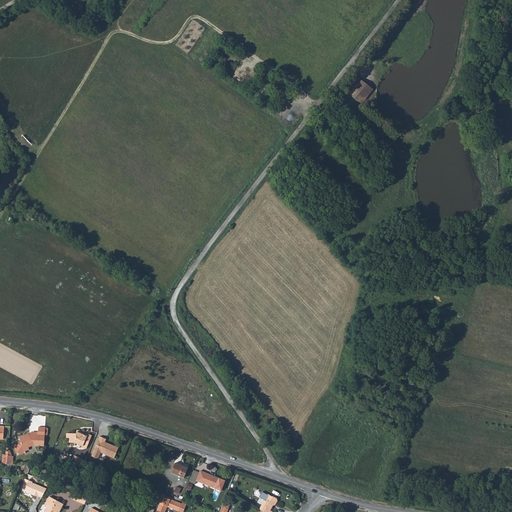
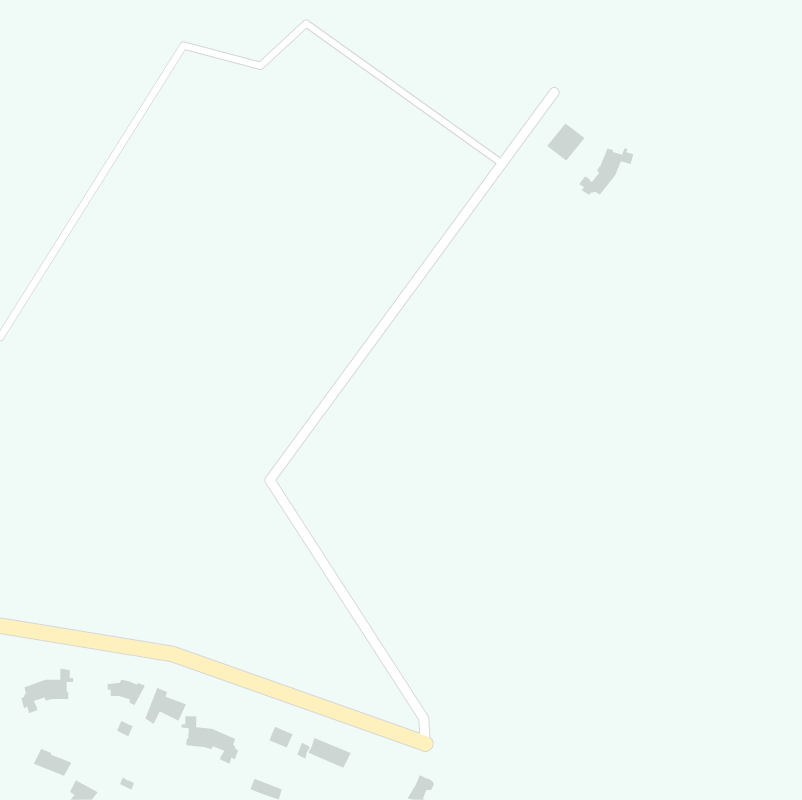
building: none -> [578,148,634,196]
building: none -> [181,716,239,764]

